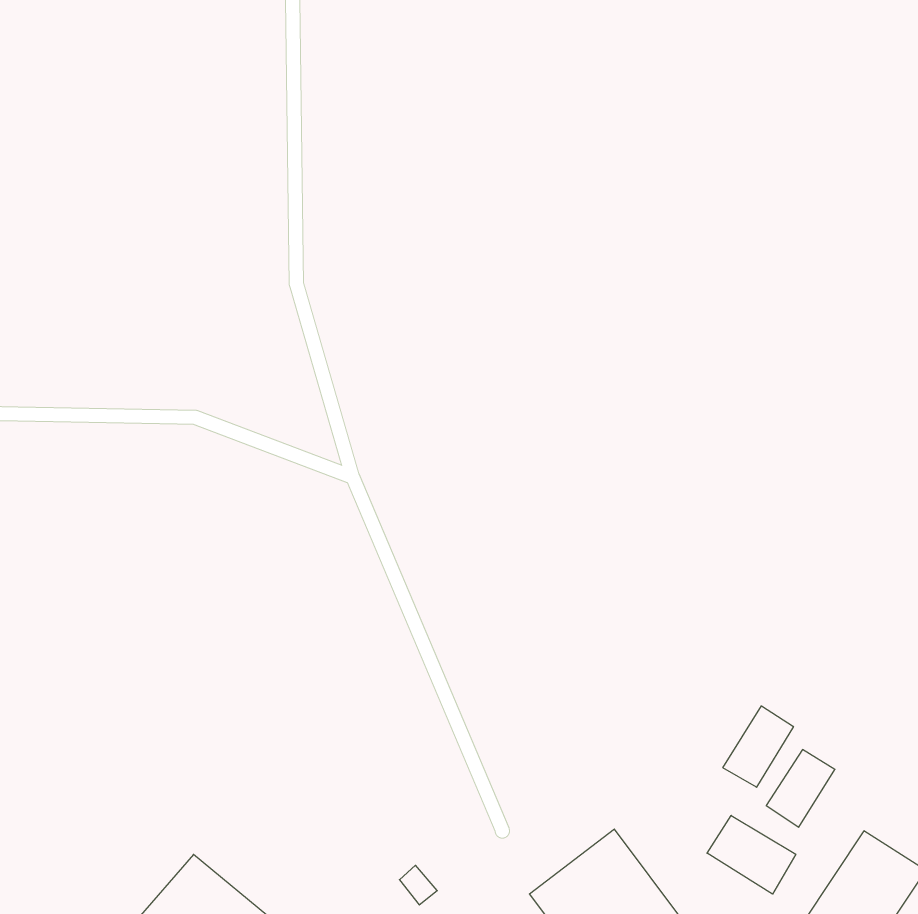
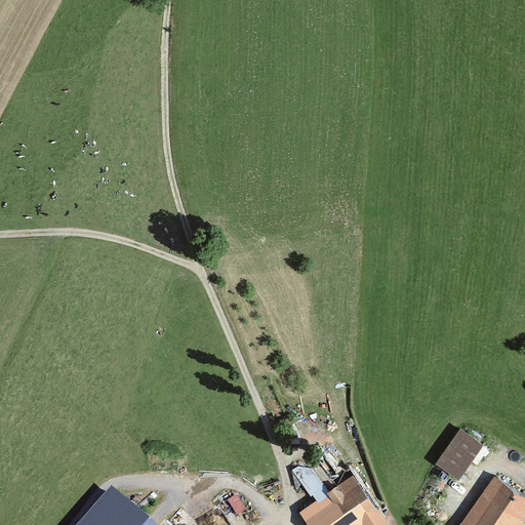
building: [723,706,793,787] -> none
building: [707,815,796,894] -> none

